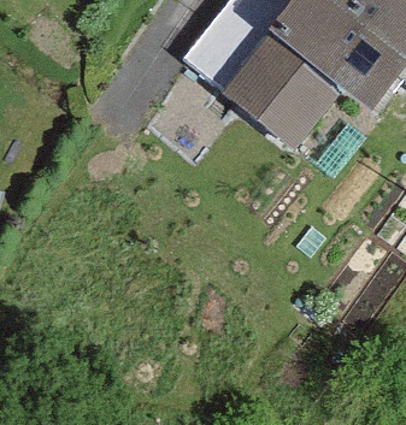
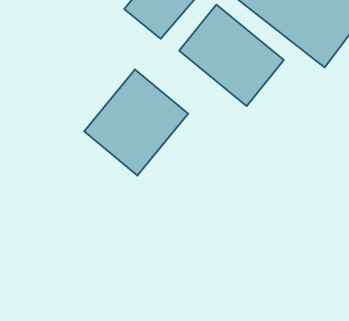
building: none -> [84,69,188,176]

